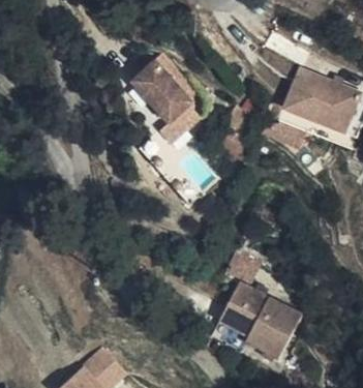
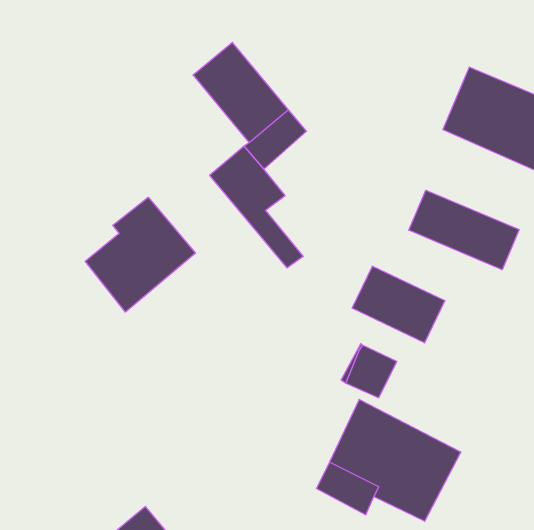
building: none -> [409,190,519,270]
building: none -> [85,197,196,312]
building: none -> [352,266,445,343]

